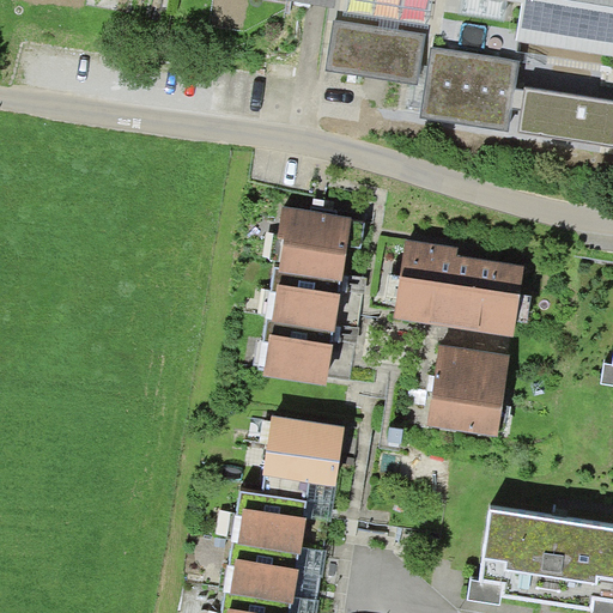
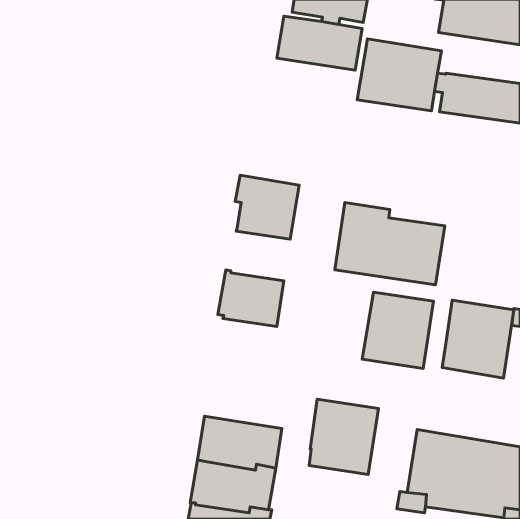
building: [266,267,341,330] -> none
building: none -> [442,300,514,378]
building: [262,415,344,504] -> [309,399,378,475]

